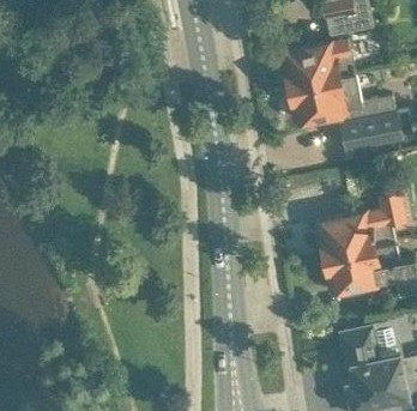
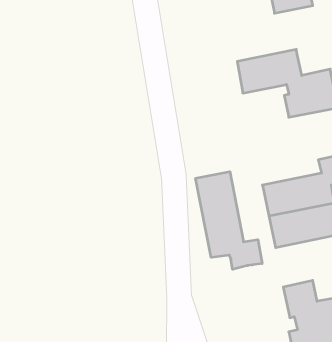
building: [282,41,353,89] -> none
building: none -> [196,172,262,269]

